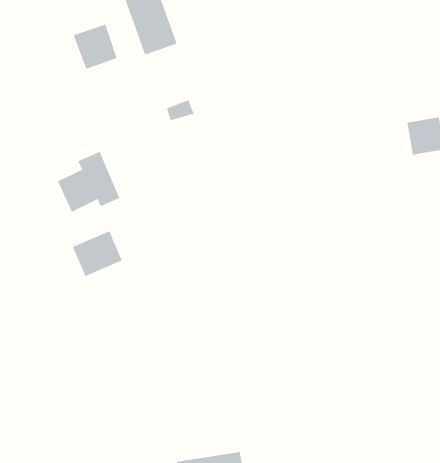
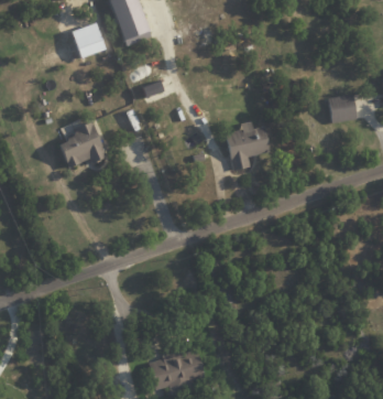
building: none -> [226,121,269,170]
building: [72,231,122,277] -> none

